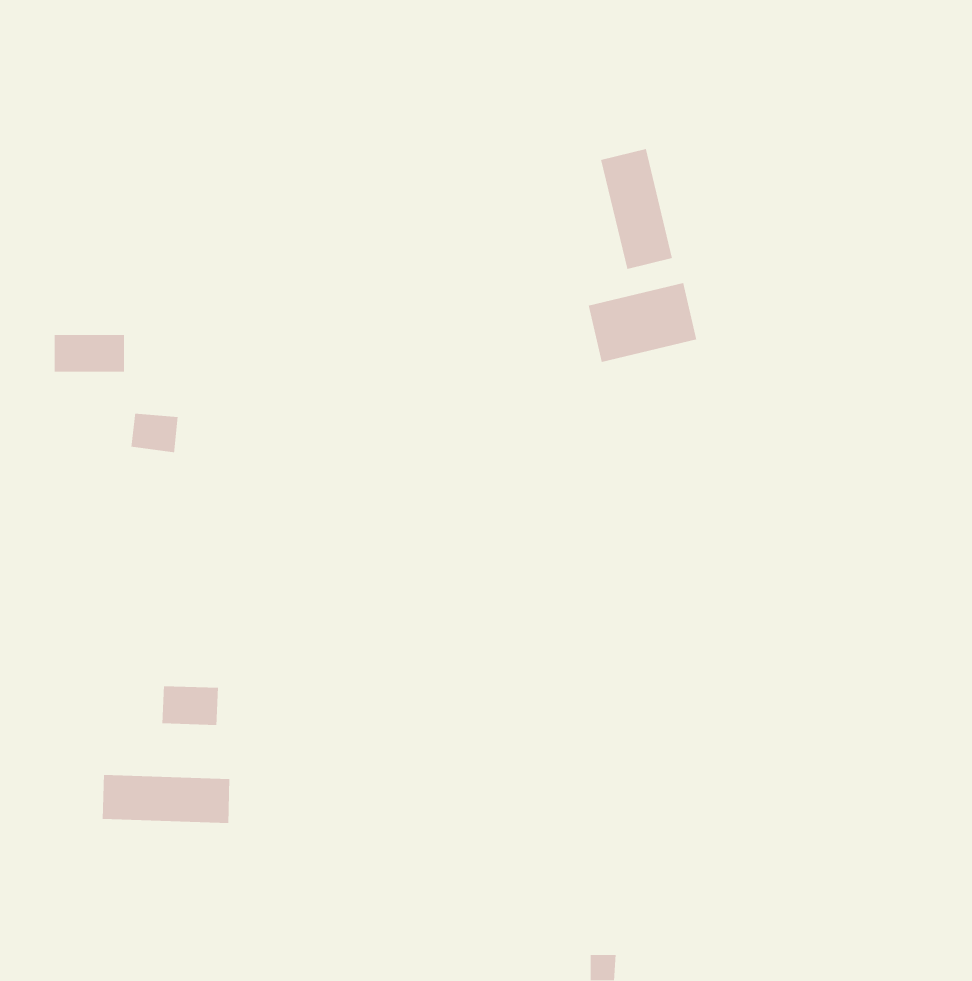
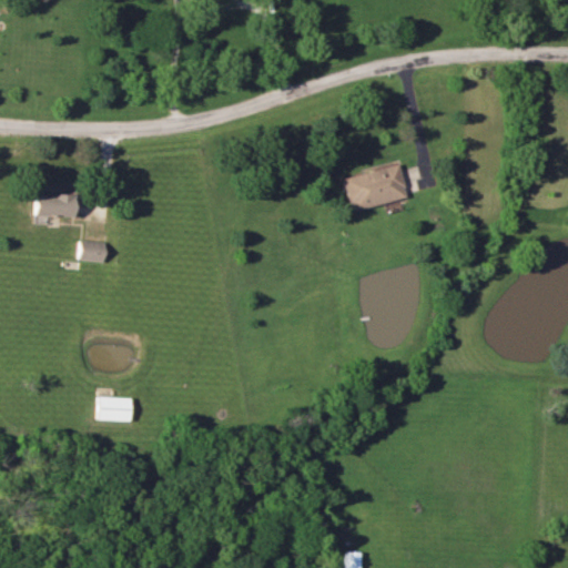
building: [600,148,673,270] -> none
building: [102,774,230,824] -> none

